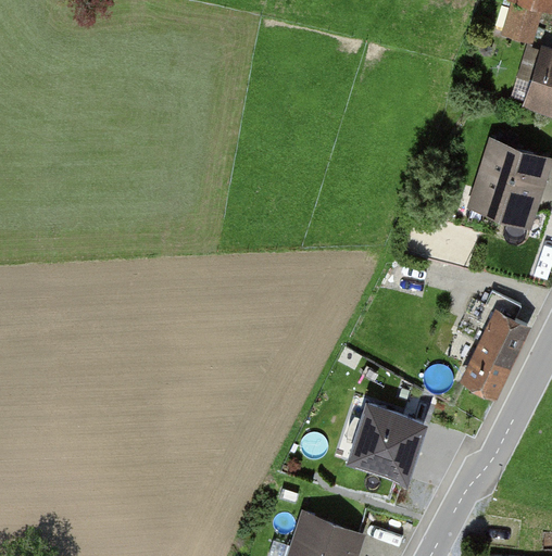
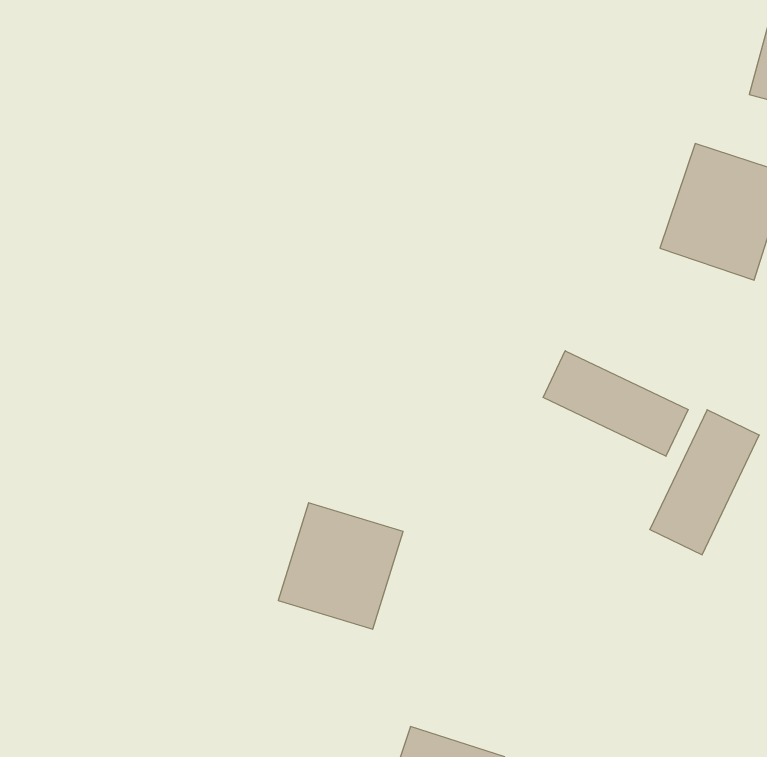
building: none -> [543,351,688,456]
building: [344,403,425,484] -> [278,503,403,629]

